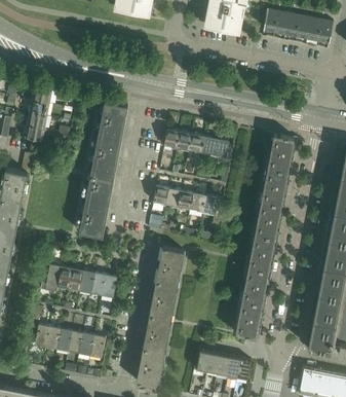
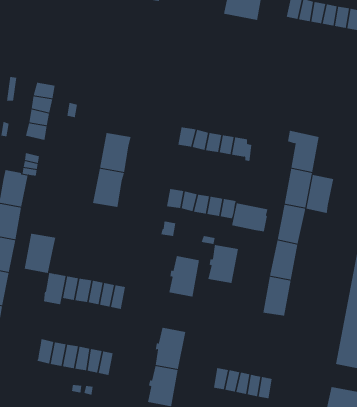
building: [98,102,127,139] -> none
building: none -> [306,174,334,214]
building: none -> [232,203,268,232]
building: [79,200,109,237] -> [24,233,56,273]
building: [149,282,178,318] -> [208,244,239,284]
building: [235,300,262,337] -> none

